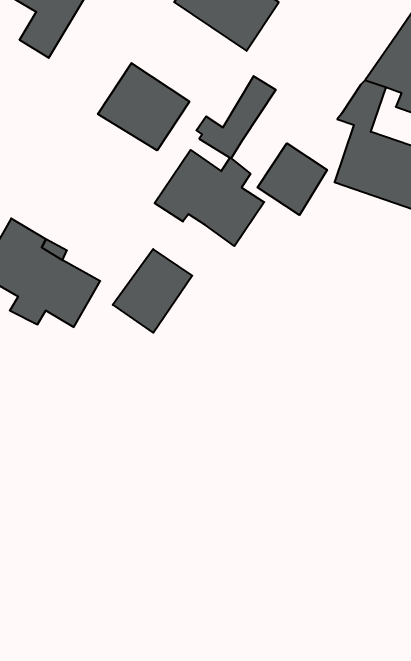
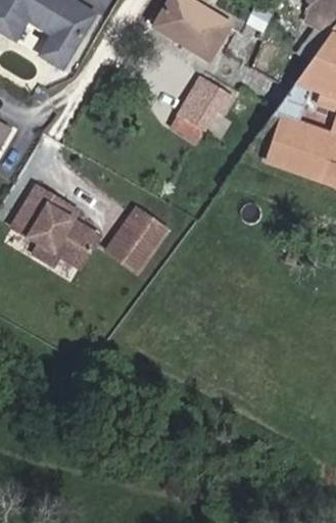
building: [98,63,189,150] -> none
building: [258,143,327,215] -> none
building: [155,150,264,246] -> none

